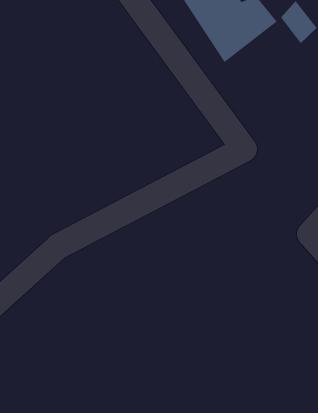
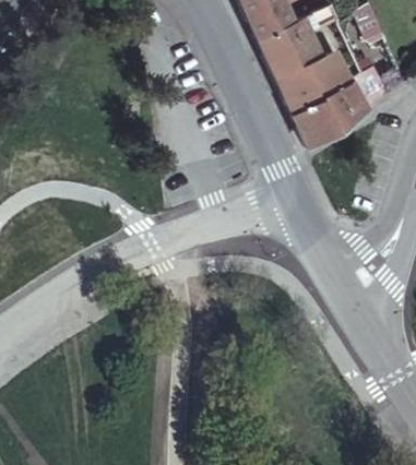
building: none -> [293,81,365,145]

